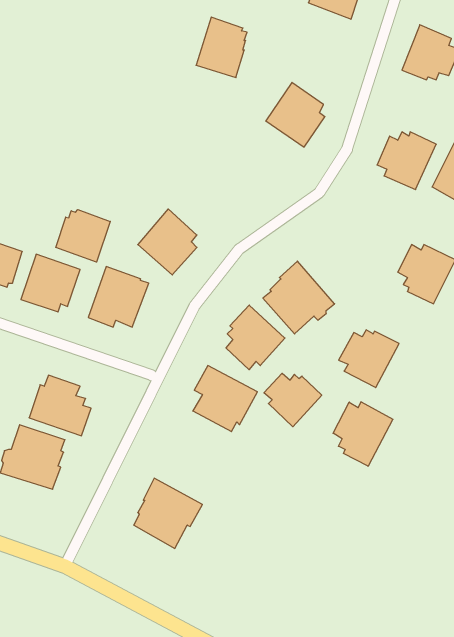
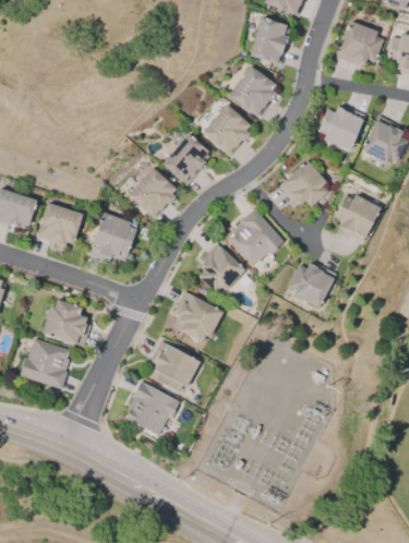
building: [196,17,247,78] -> [250,17,290,65]
building: none -> [203,105,251,155]
building: none -> [161,133,209,186]
building: none -> [279,161,329,209]
building: [56,210,110,262] -> none
building: [264,373,322,427] -> none
building: [333,402,393,466] -> none
building: none -> [148,341,200,394]

